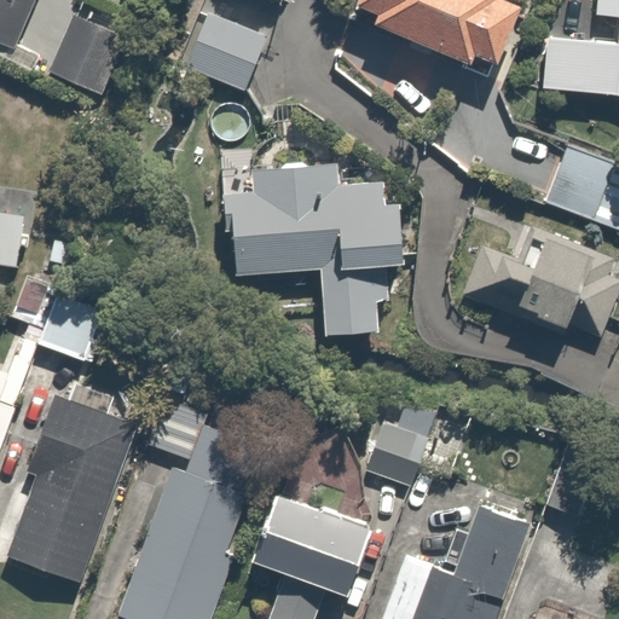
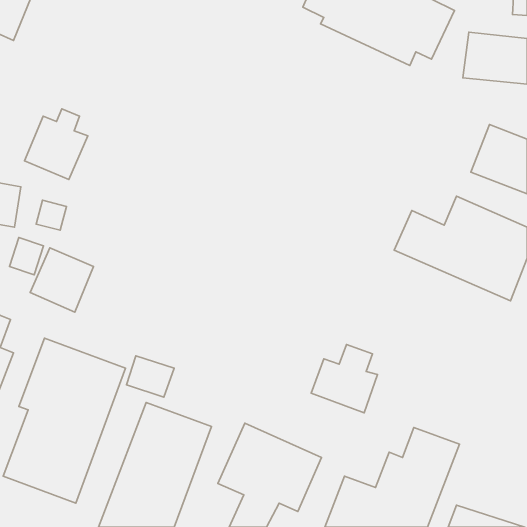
building: [47,7,121,89] -> [24,109,88,179]
building: [185,15,260,96] -> none
building: [225,158,410,336] -> none

